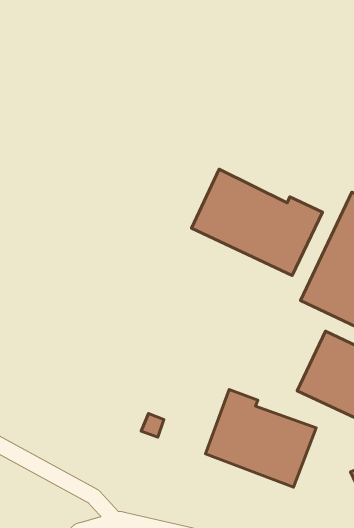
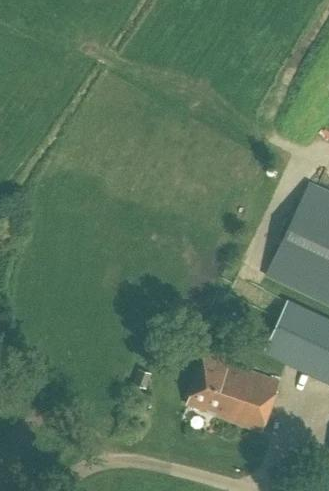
building: [192,169,322,276] -> none

